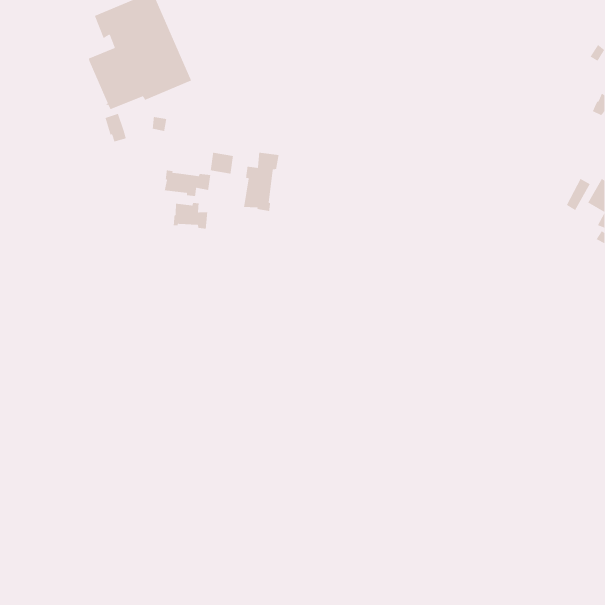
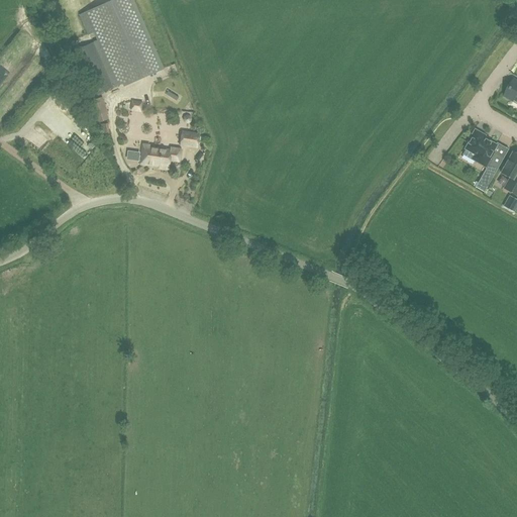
building: [243,152,279,212] -> none
building: none -> [464,130,494,165]
building: [173,202,208,229] -> none

